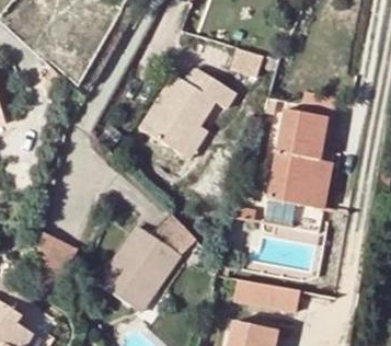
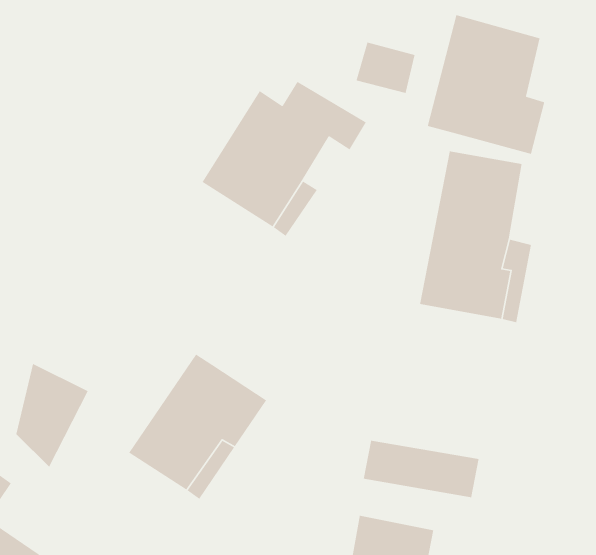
building: none -> [427,14,545,155]
building: [147,212,195,254] -> none

